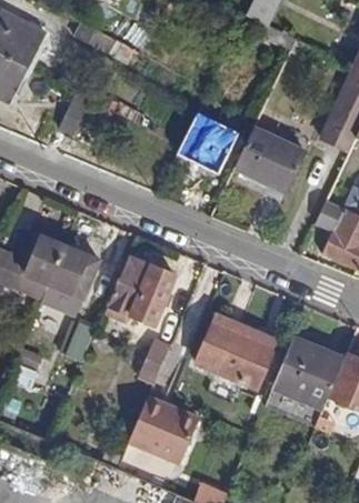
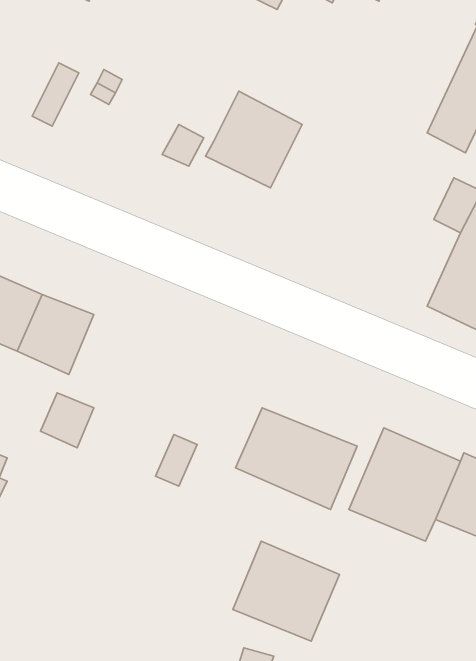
building: [233,127,307,193] -> none
building: [104,254,176,325] -> none
building: [128,398,199,464] -> [233,541,340,641]

